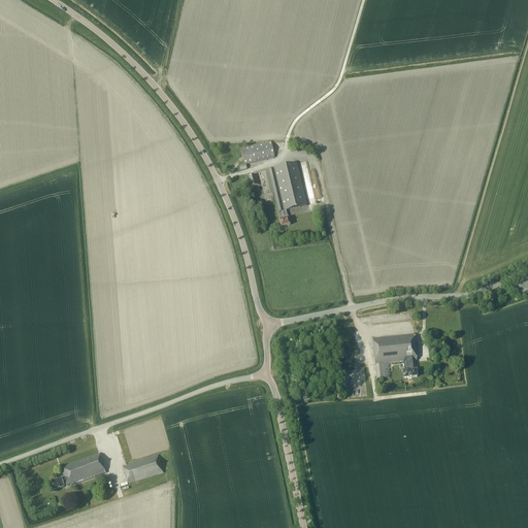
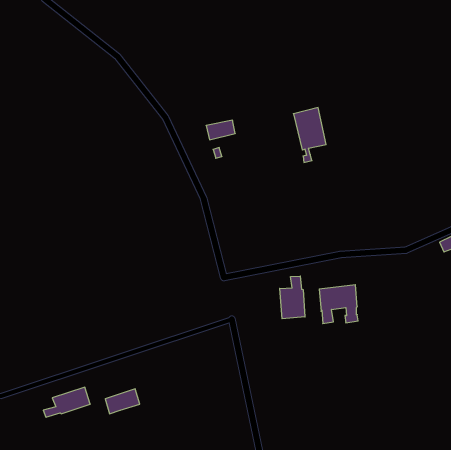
building: [269,161,307,225] -> [293,108,326,162]
building: none -> [280,276,305,319]

